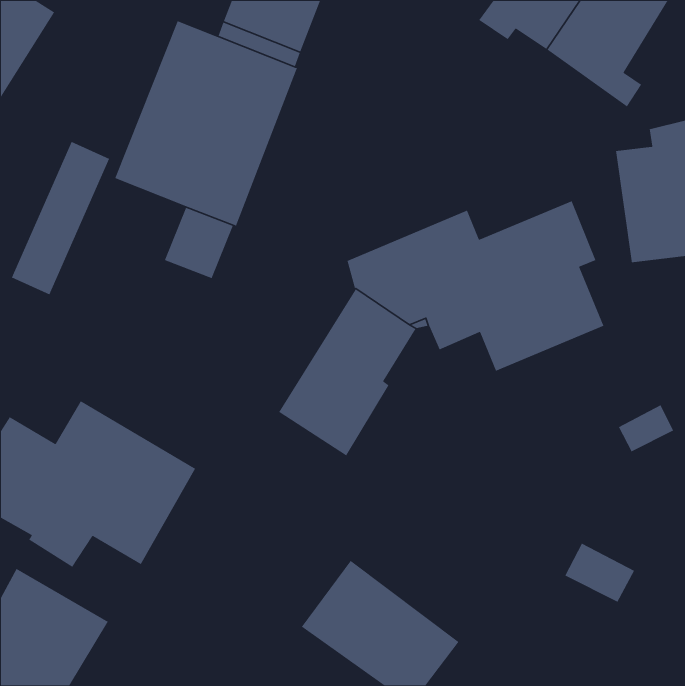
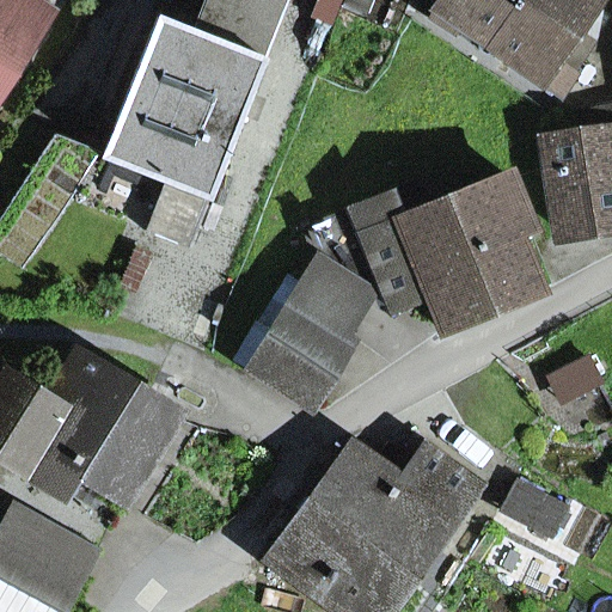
building: none -> [313,447,472,571]

